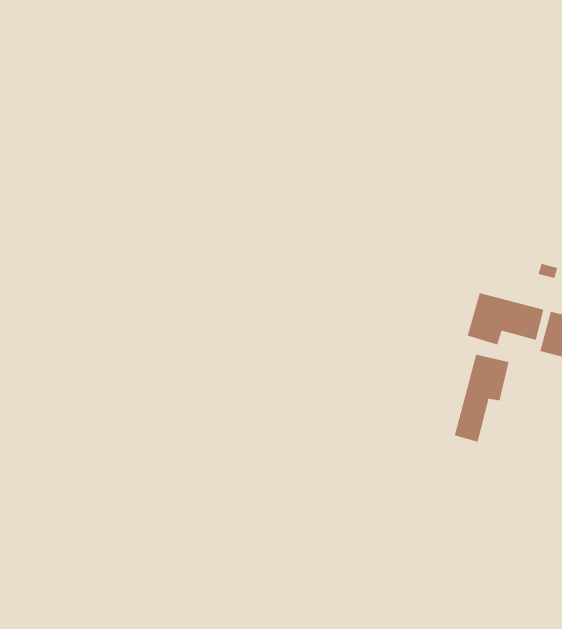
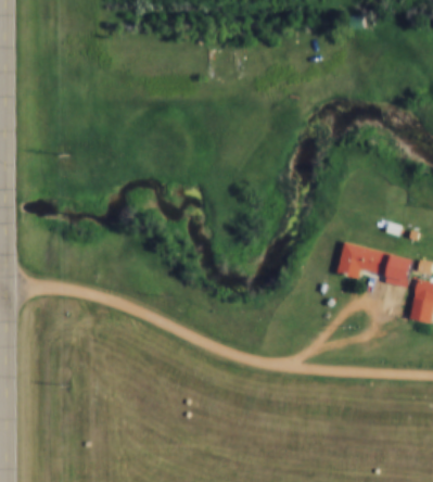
building: [454,354,509,443] -> none

